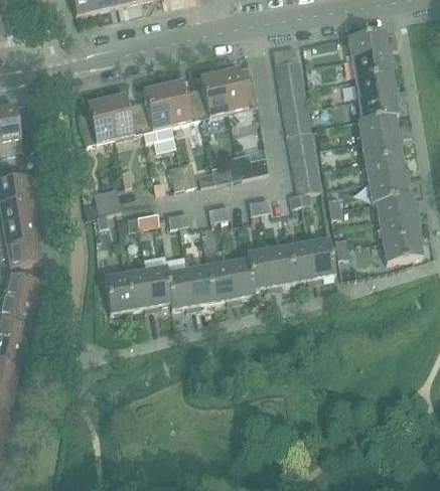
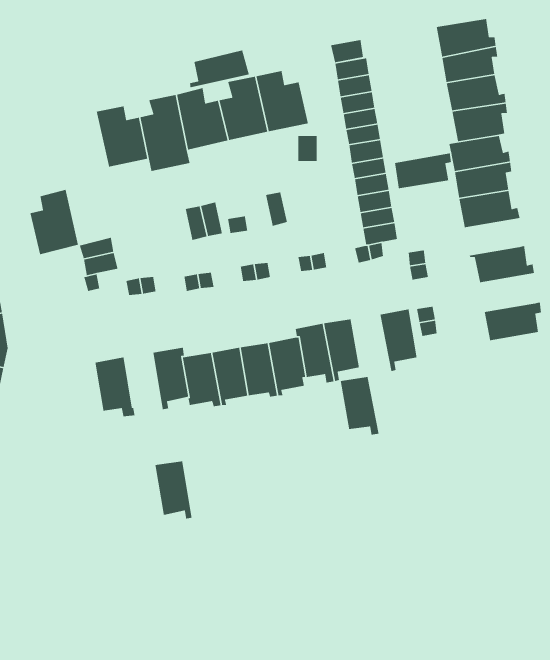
building: none -> [189,50,250,88]
building: [80,97,115,144] -> [30,189,79,255]
building: [238,151,269,176] -> none
building: [369,173,410,199] -> [394,153,452,189]
building: [380,212,421,239] -> none
building: [288,241,316,284] -> [340,376,379,436]
building: [126,269,153,311] -> [155,460,193,520]

